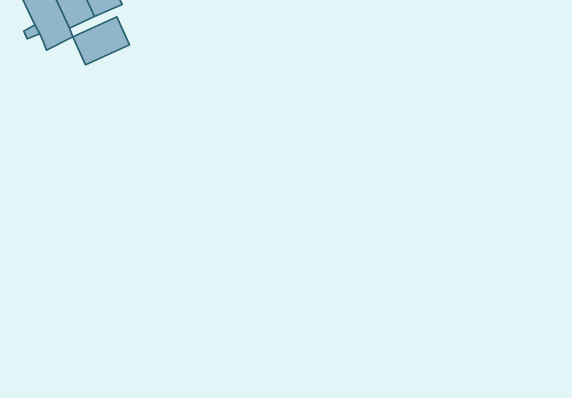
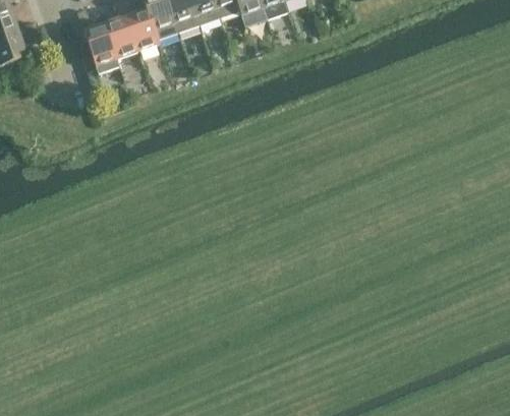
building: [73,17,129,65] -> none

